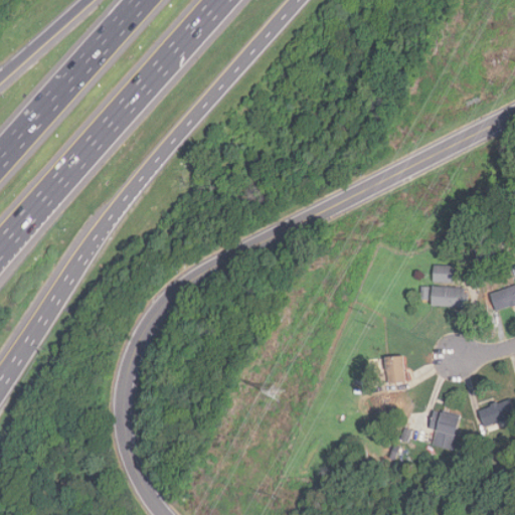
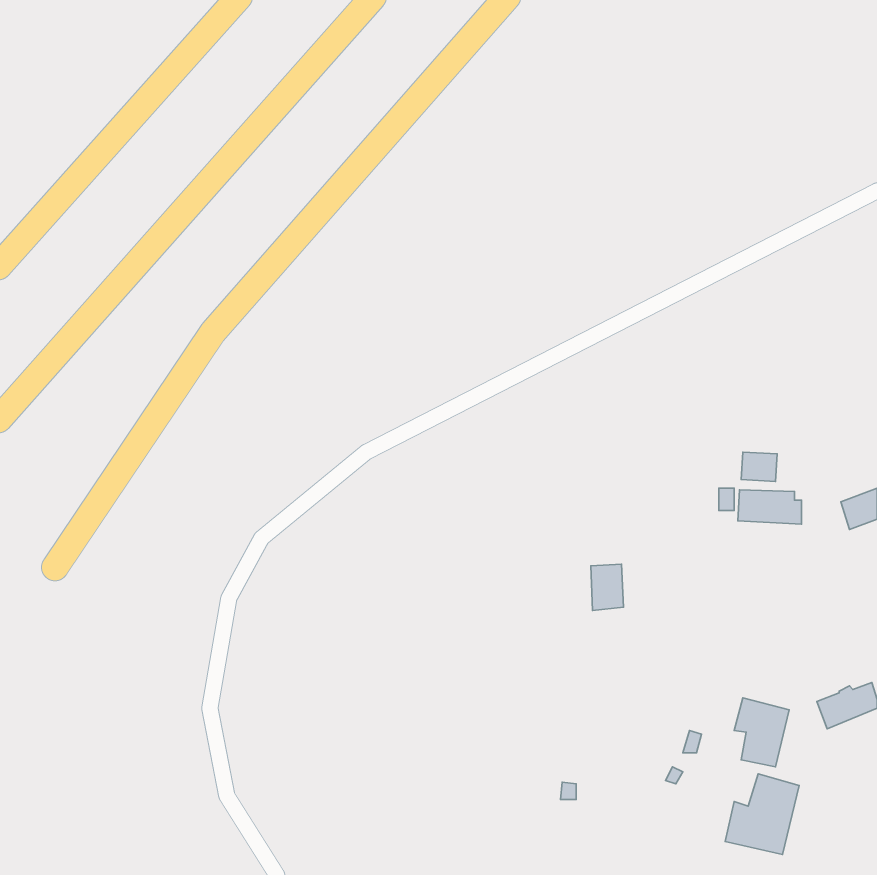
building: [386,356,405,383] -> [591,564,623,611]
building: none -> [725,774,799,854]

